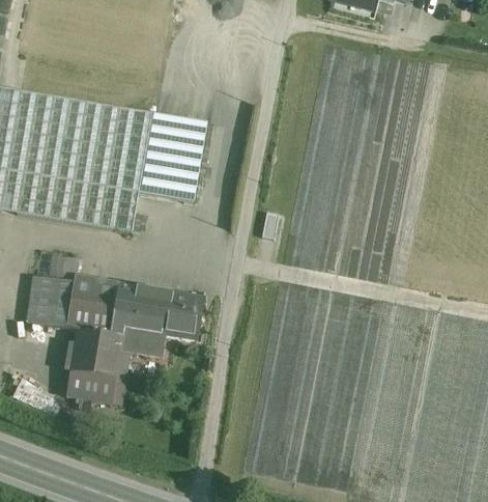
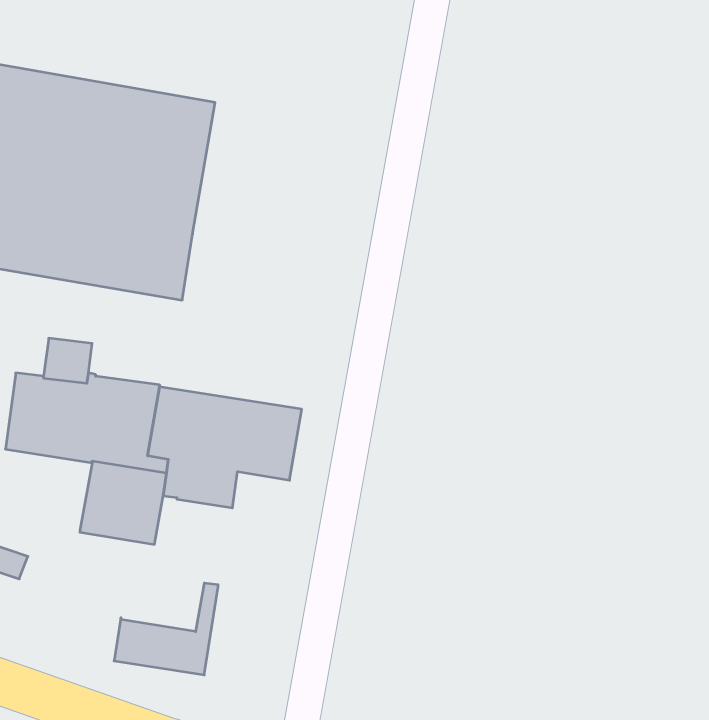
building: [137,113,205,201] -> none
building: [65,348,127,403] -> [114,583,218,675]

